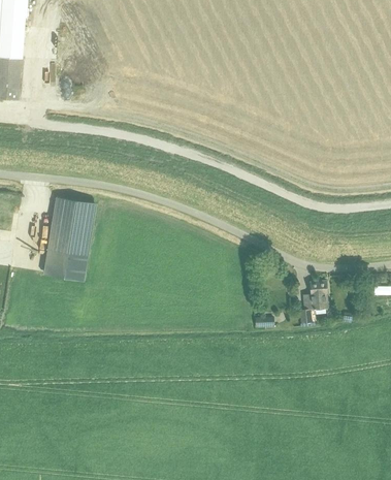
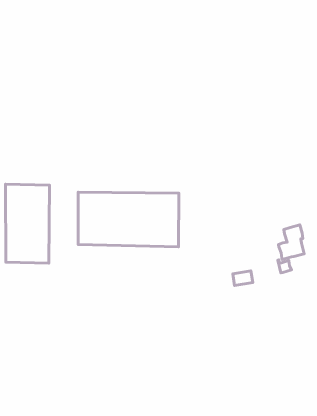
building: none -> [78,192,179,247]

